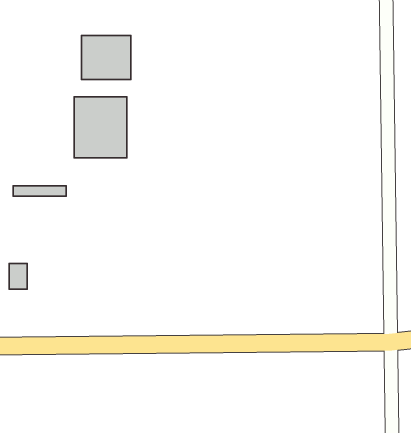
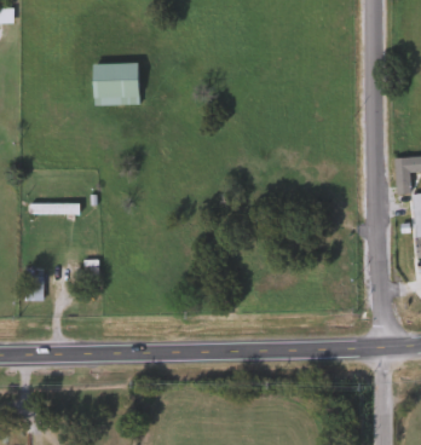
building: [74,97,127,158] -> none

